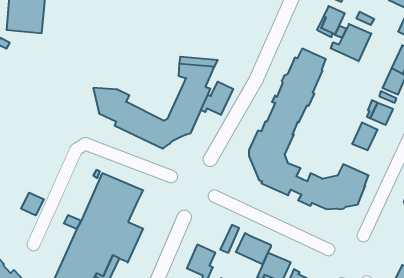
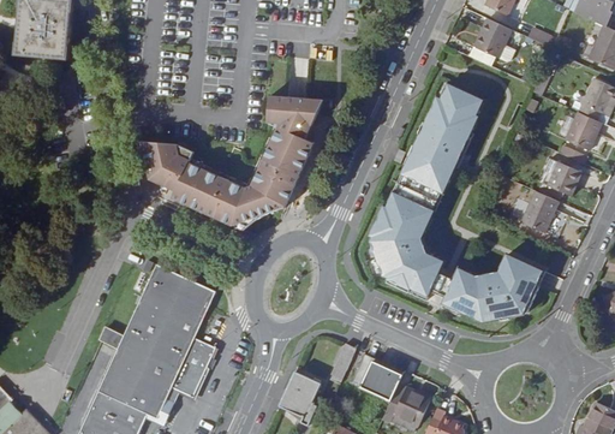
building: [331,24,371,61] -> none
building: [201,82,233,115] -> none
building: [21,193,44,215] -> none

